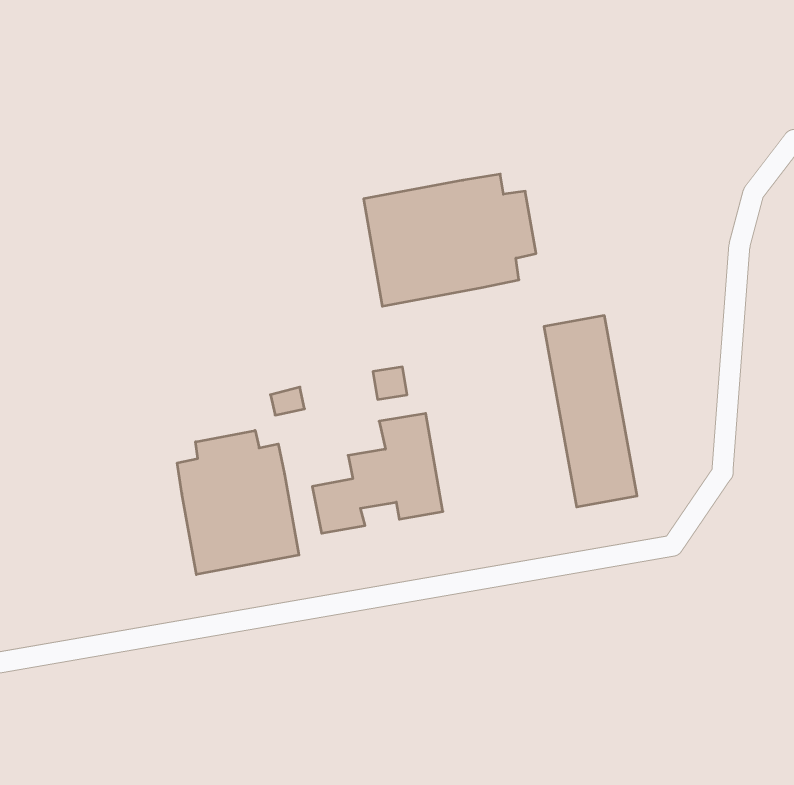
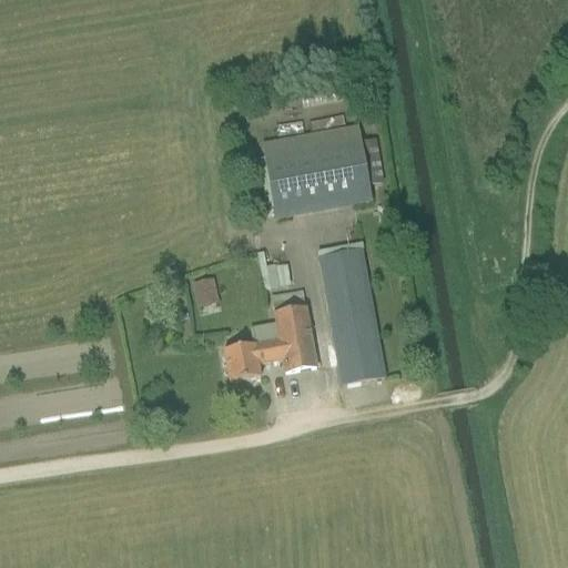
building: [544,316,637,507] -> [318,247,385,384]
building: [177,430,299,575] -> none

